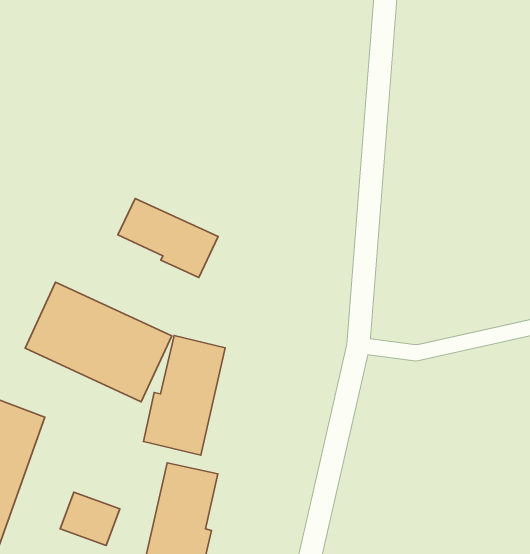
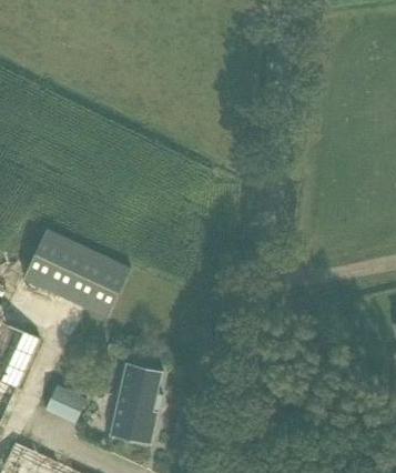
building: [118,198,218,277] -> none
building: [143,336,225,455] -> none

